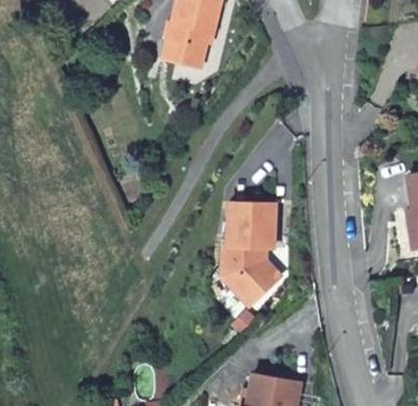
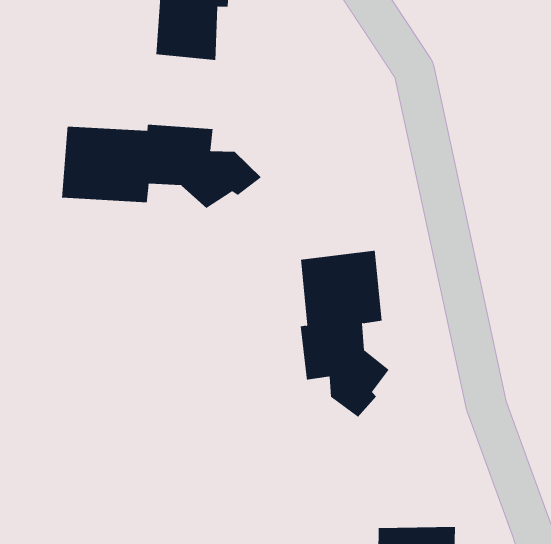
building: none -> [62,124,262,209]

